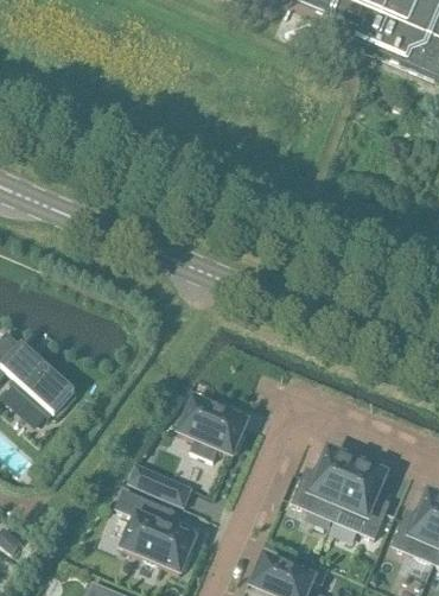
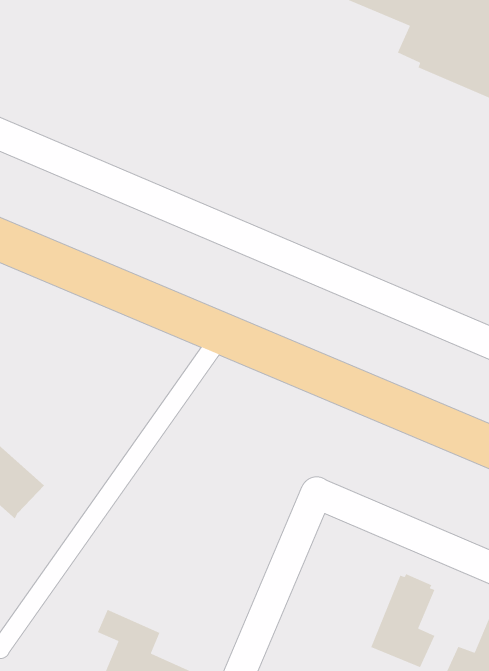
building: [179,399,246,459] -> none
building: [292,448,357,519] -> none
building: [129,463,191,505] -> none

